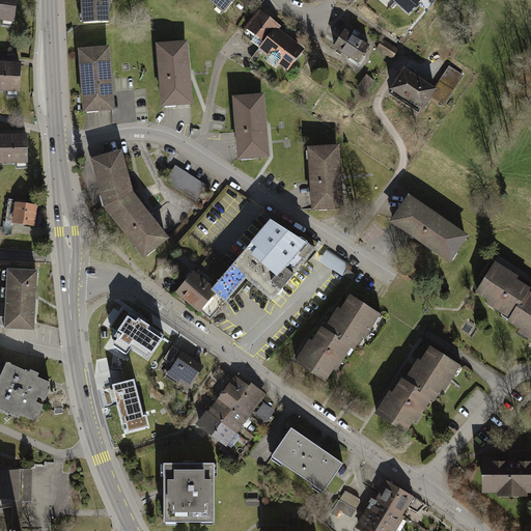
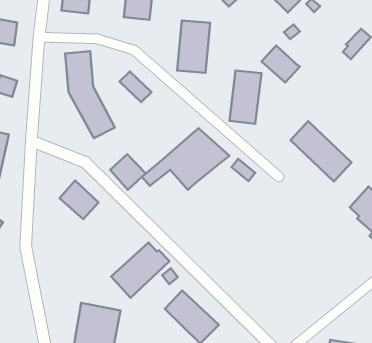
building: [390,69,438,113] -> [262,46,300,83]
building: [294,295,381,382] -> none
building: [372,341,458,429] -> none
building: [163,356,195,386] -> none
building: [113,379,147,430] -> none

